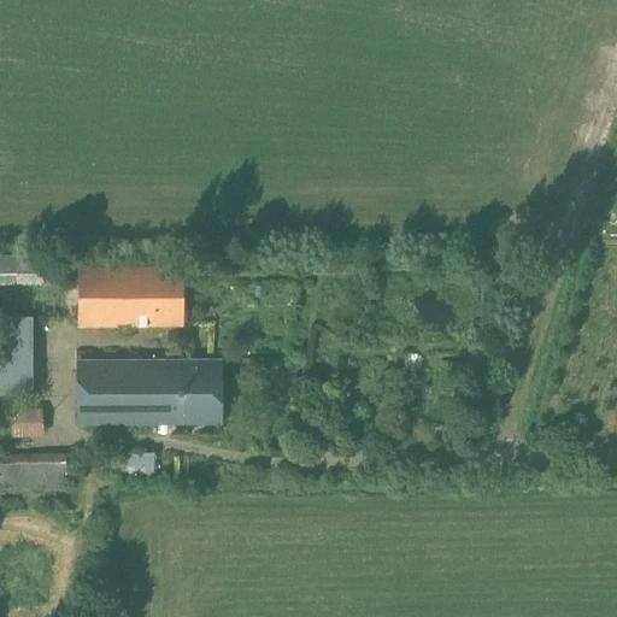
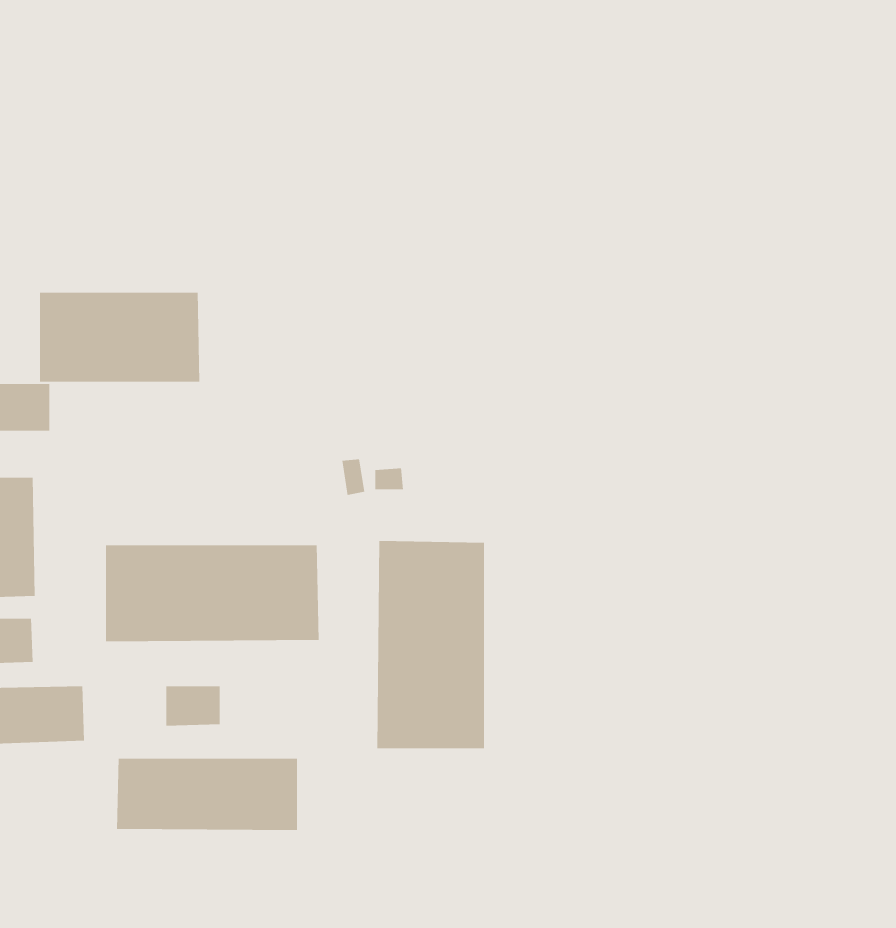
building: [77,268,183,327] -> [39,292,200,382]
building: none -> [377,540,485,749]
building: none -> [116,758,298,831]

